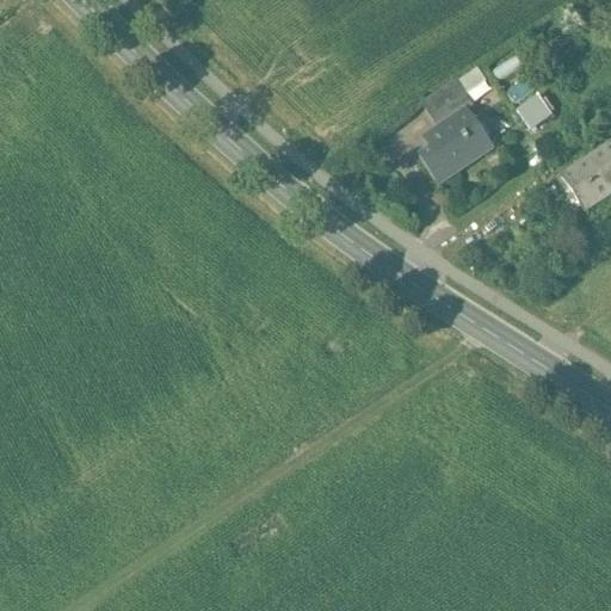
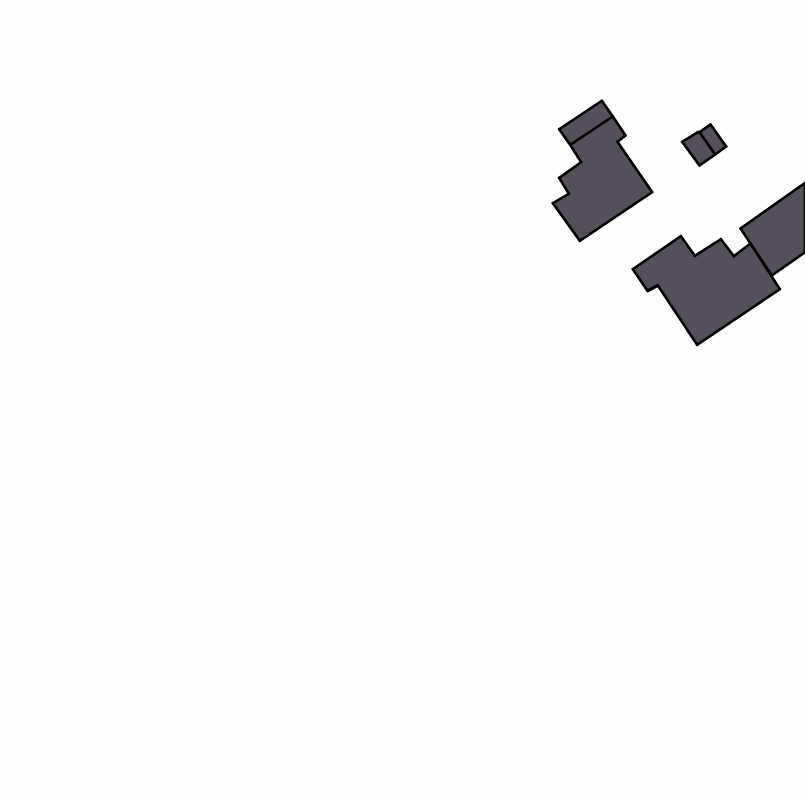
building: none -> [633,236,780,345]

